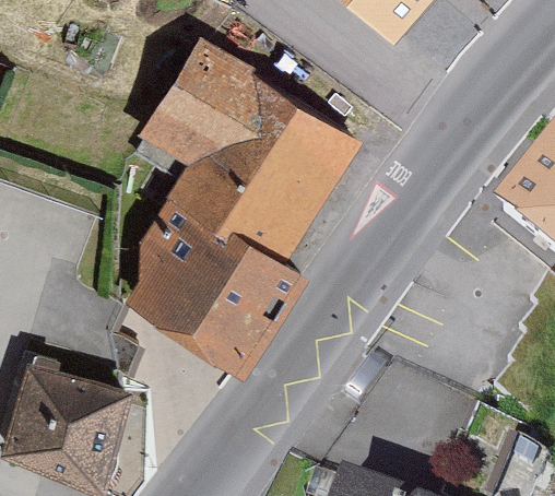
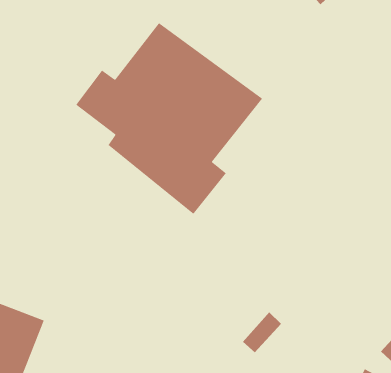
building: [147,200,303,366] -> none

